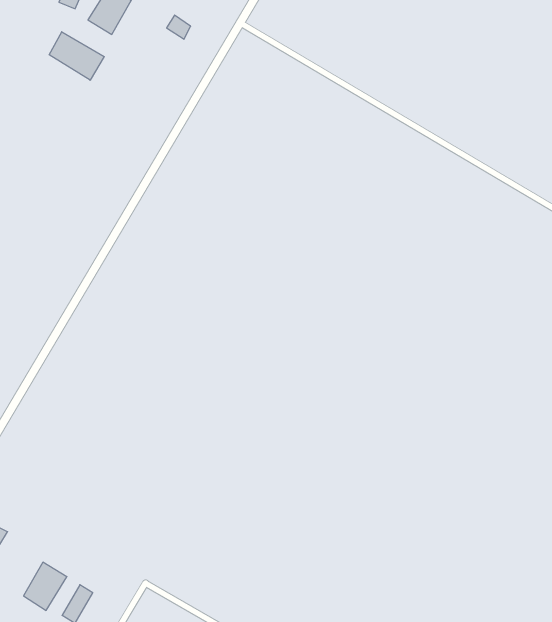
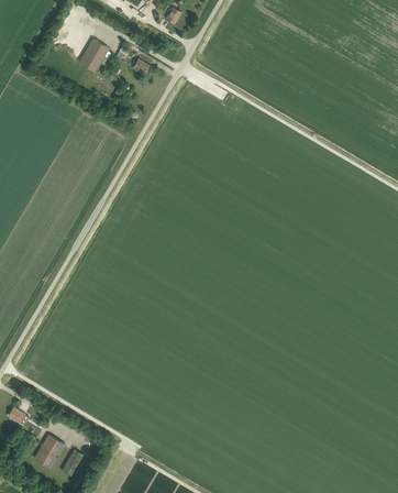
building: [49,32,104,80] -> none

